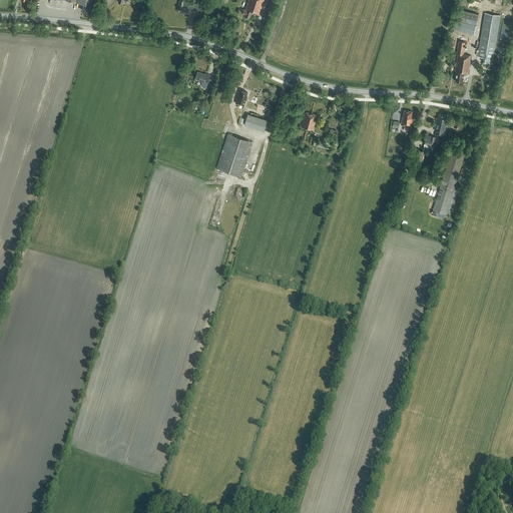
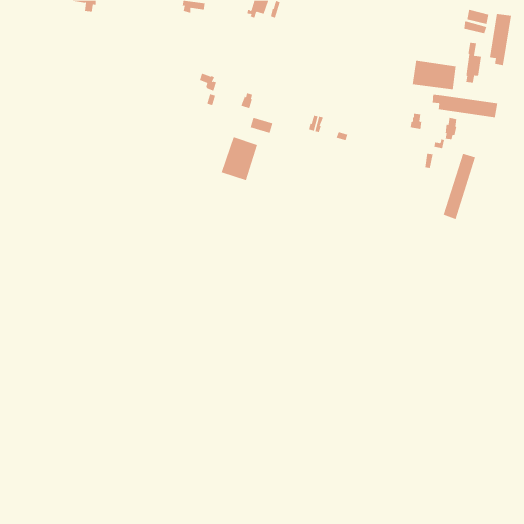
building: none -> [412,60,456,90]
building: none -> [432,94,498,118]

